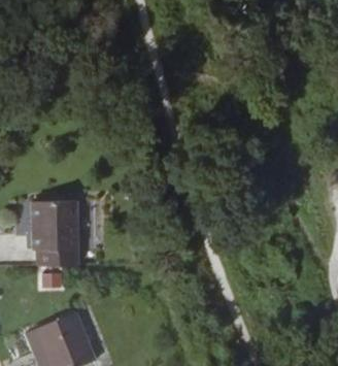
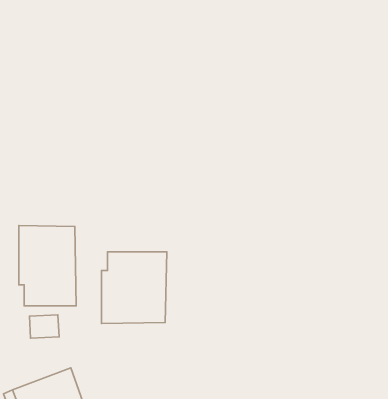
building: none -> [101,252,167,324]

